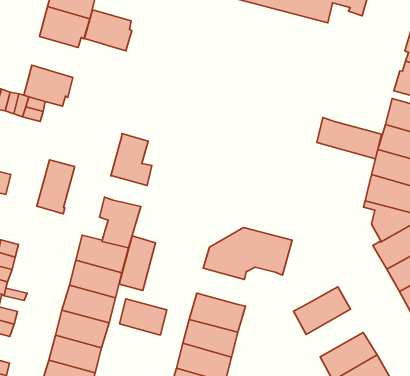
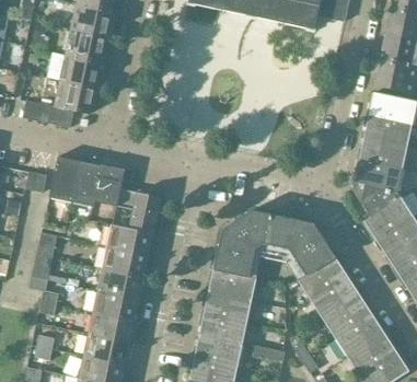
building: [85,10,132,51] -> [60,54,101,88]
building: [317,118,381,159] -> none
building: [111,133,152,185] -> [94,163,129,207]
building: none -> [49,155,80,200]
building: [119,236,156,290] -> none
building: none -> [287,218,335,275]
building: [119,299,167,335] -> [213,246,254,276]
building: none -> [310,275,359,317]

